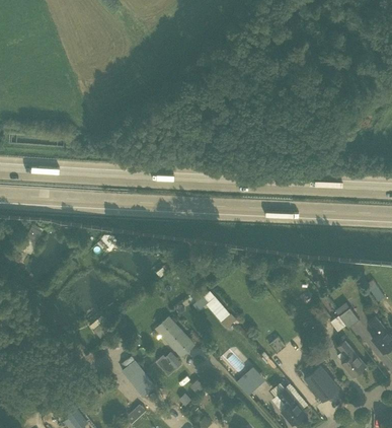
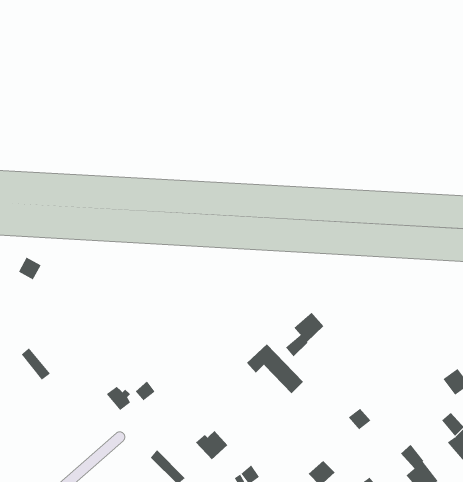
building: none -> [285,312,324,357]
building: [158,318,190,356] -> none

